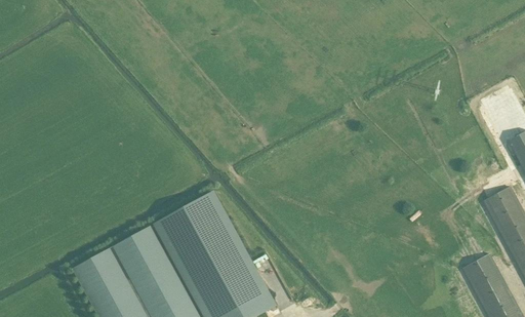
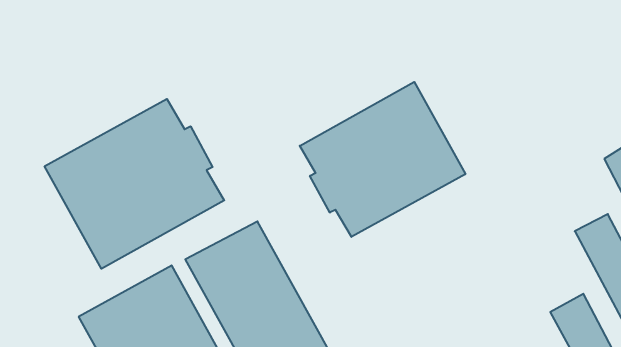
building: none -> [300,82,465,237]
building: none -> [45,99,224,269]

